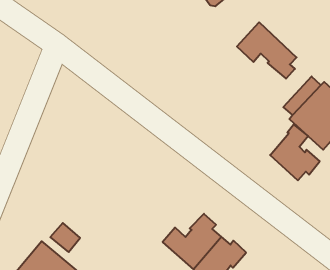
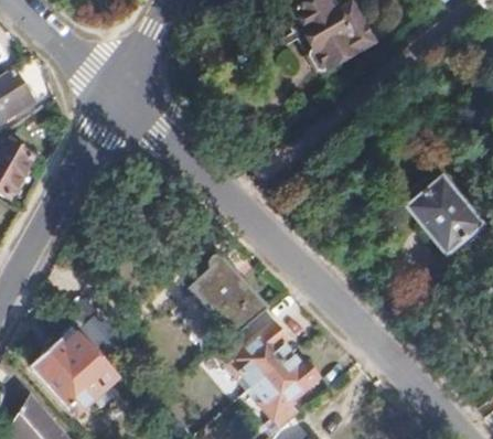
building: [237,22,297,79] -> none
building: [270,125,320,180] -> none
building: none -> [189,254,267,336]

